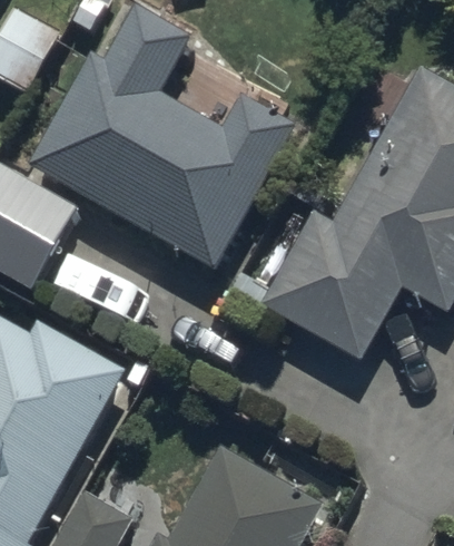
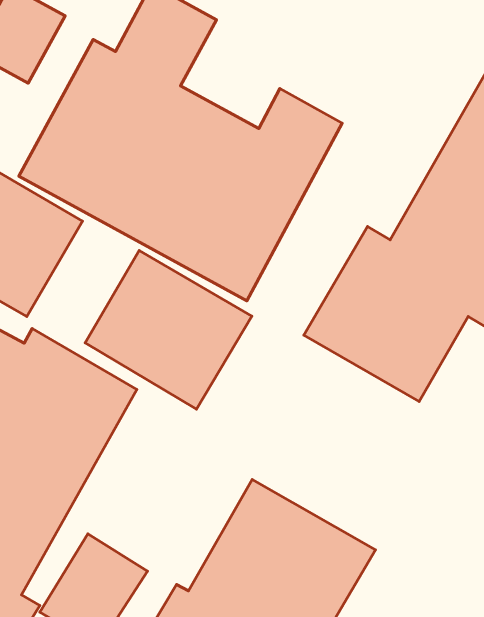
building: none -> [85,251,252,409]

